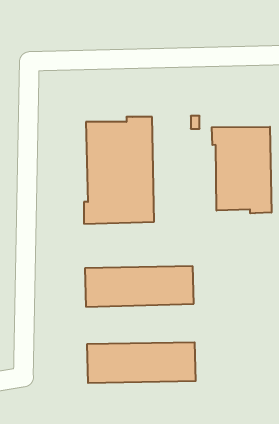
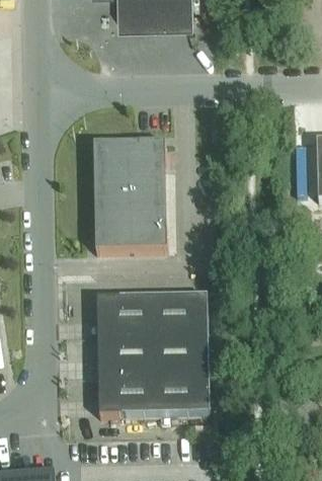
building: [212,127,271,213] -> none
building: none -> [97,335,209,377]

